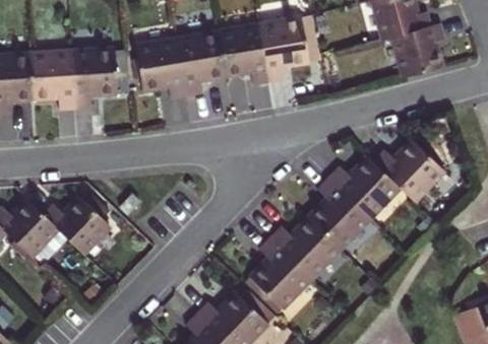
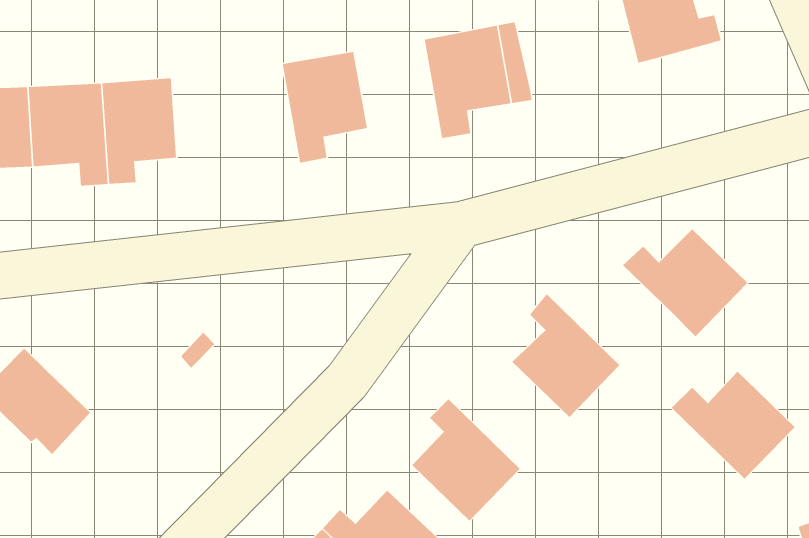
building: [394,24,446,79] -> none
building: [218,25,268,85] -> none
building: [135,40,186,99] -> none
building: [329,151,402,214] -> [671,371,795,480]
building: [41,200,109,257] -> none
building: [272,212,343,274] -> none

